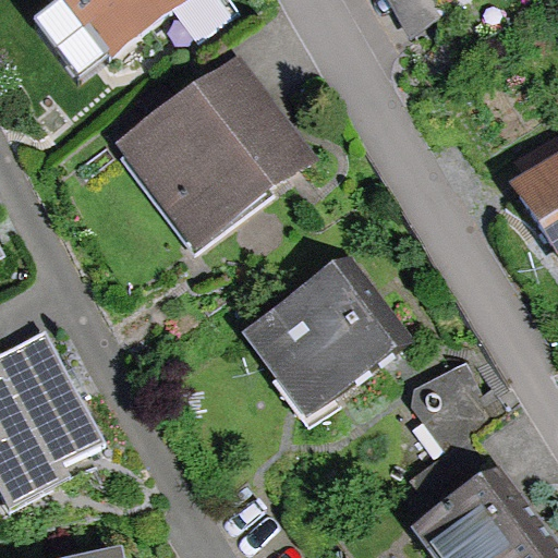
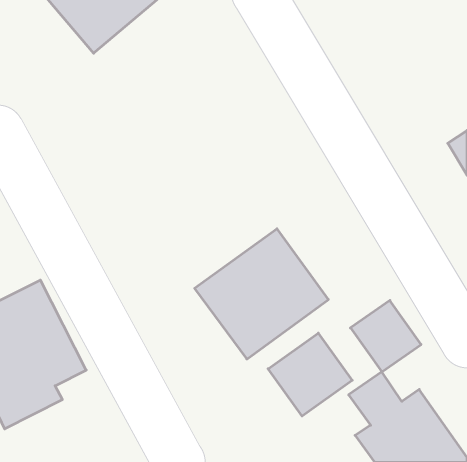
building: [112,56,311,247] -> none
building: none -> [268,333,352,416]

